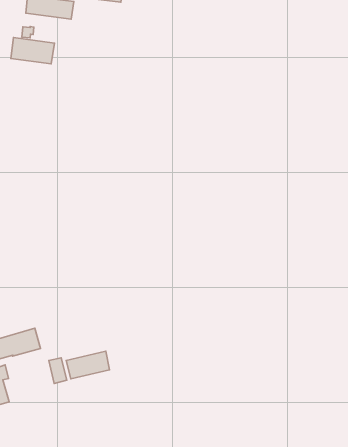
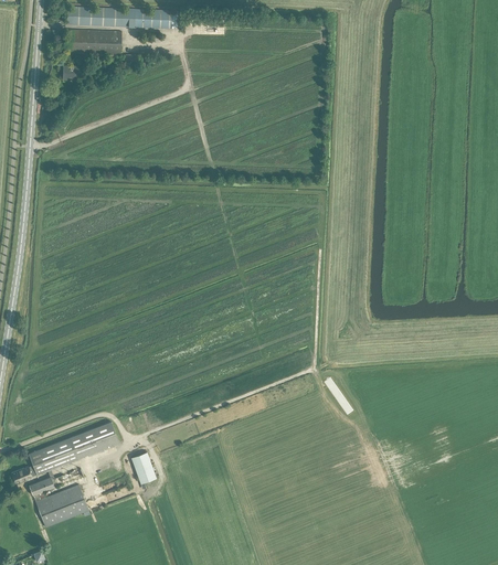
building: [11,38,55,64] -> none
building: [66,351,109,379] -> none

